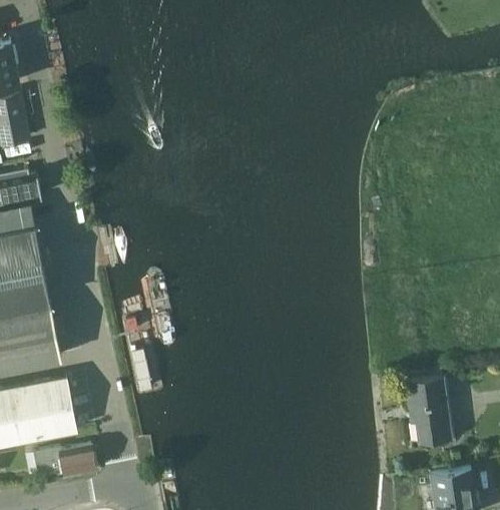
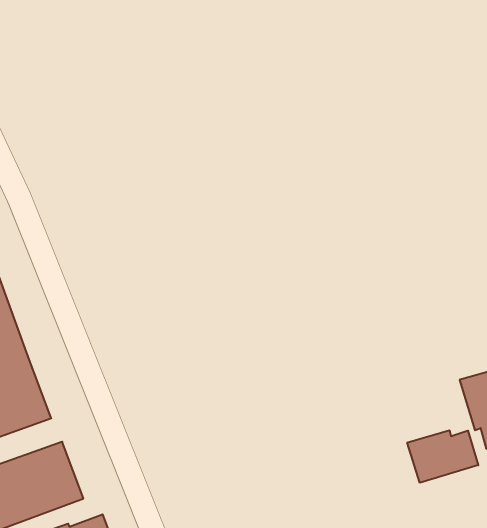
building: none -> [407,430,478,483]

